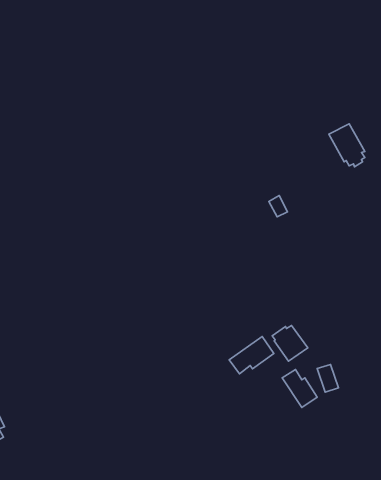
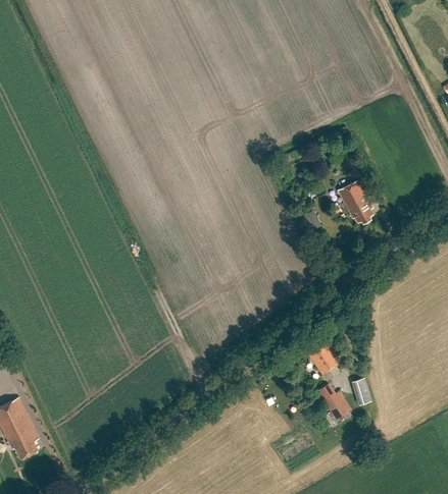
building: [329,124,365,167] -> [338,181,374,224]
building: [229,337,274,374] -> none

